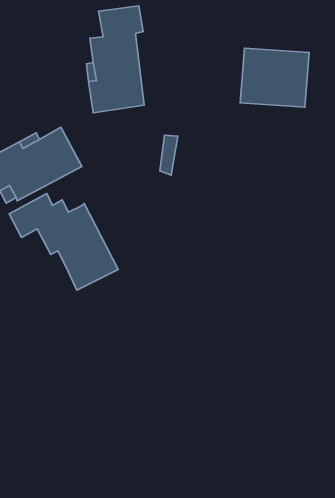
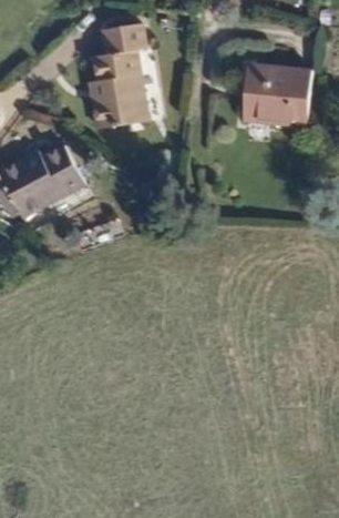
building: [9,194,118,290] -> none

